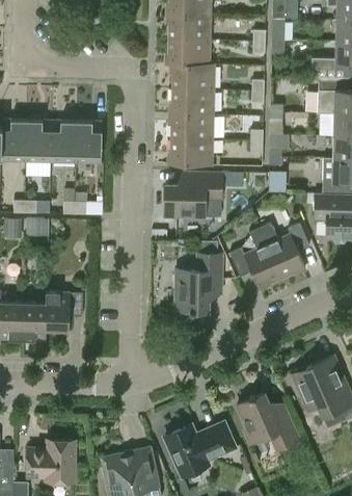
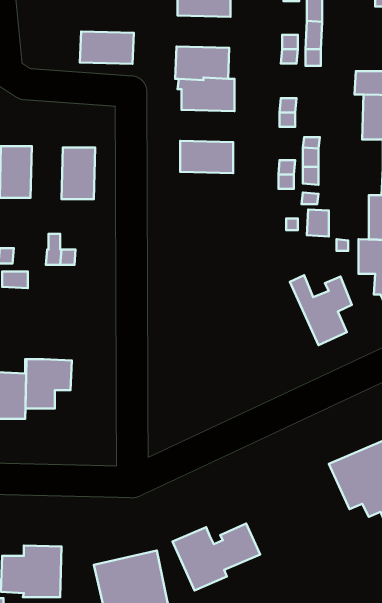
building: [167,15,211,41] -> [80,31,134,64]
building: [170,90,214,116] -> none
building: [50,120,76,162] -> none
building: [166,140,213,166] -> none
building: [164,174,221,218] -> none
building: [228,229,281,290] -> none
building: [174,255,221,312] -> none
building: [236,394,298,450] -> none

